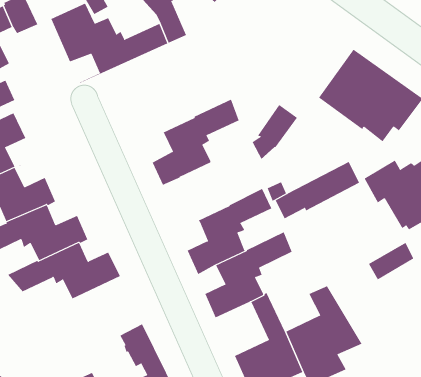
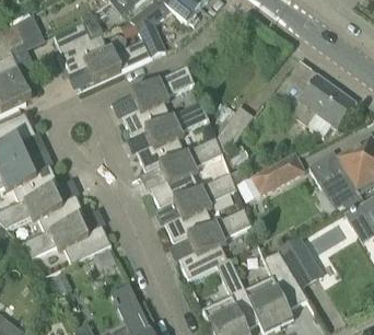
building: none -> [121,65,194,136]
building: none -> [150,136,221,207]
building: none -> [277,235,323,288]

